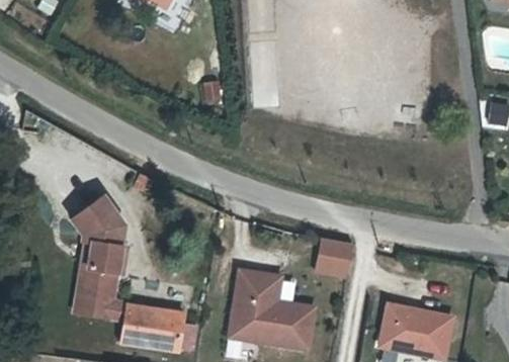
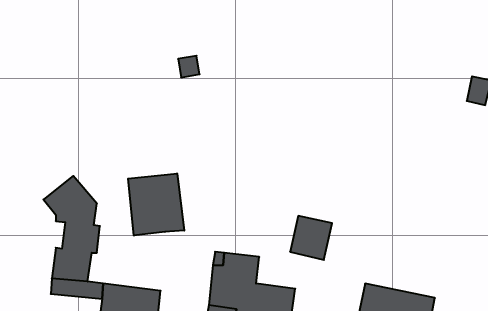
building: none -> [128,173,184,236]

